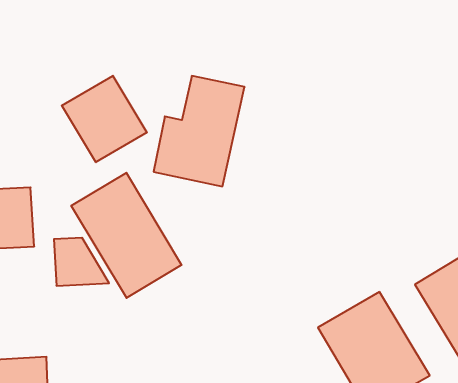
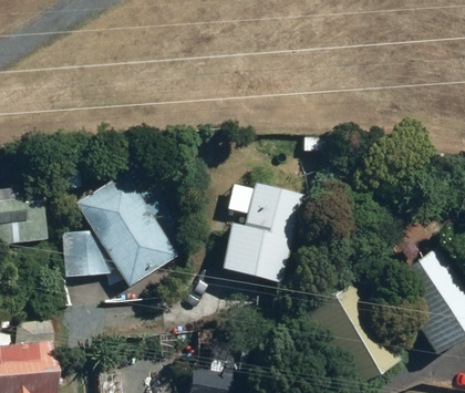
building: [62,76,147,162] -> none
building: [154,76,245,186] -> [223,185,304,285]

